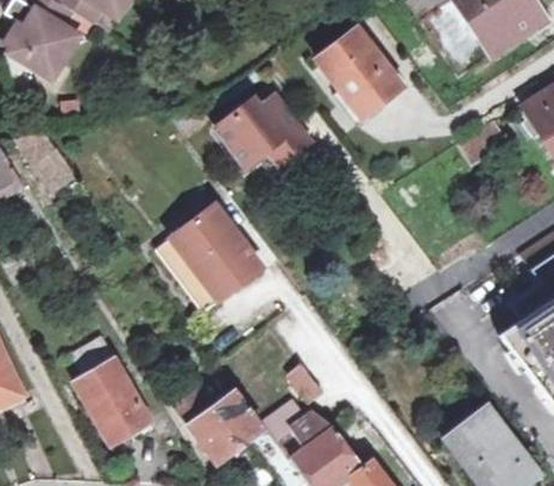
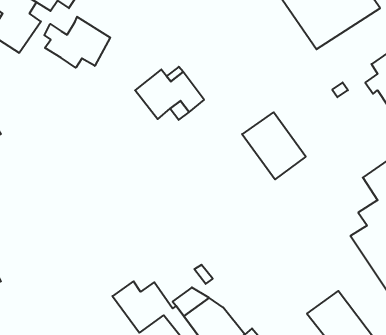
building: [314,26,401,118] -> [242,112,306,179]
building: none -> [44,17,110,68]
building: [156,207,260,313] -> none
building: [76,337,153,443] -> none

